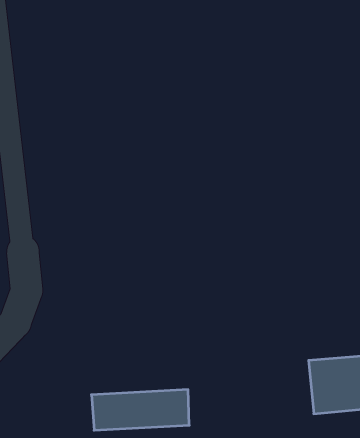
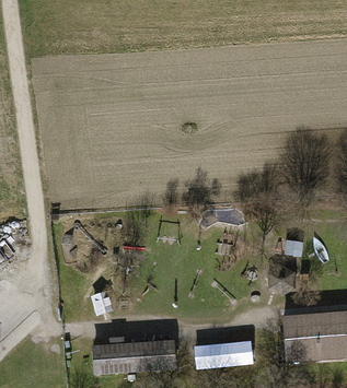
building: none -> [196,338,255,363]

